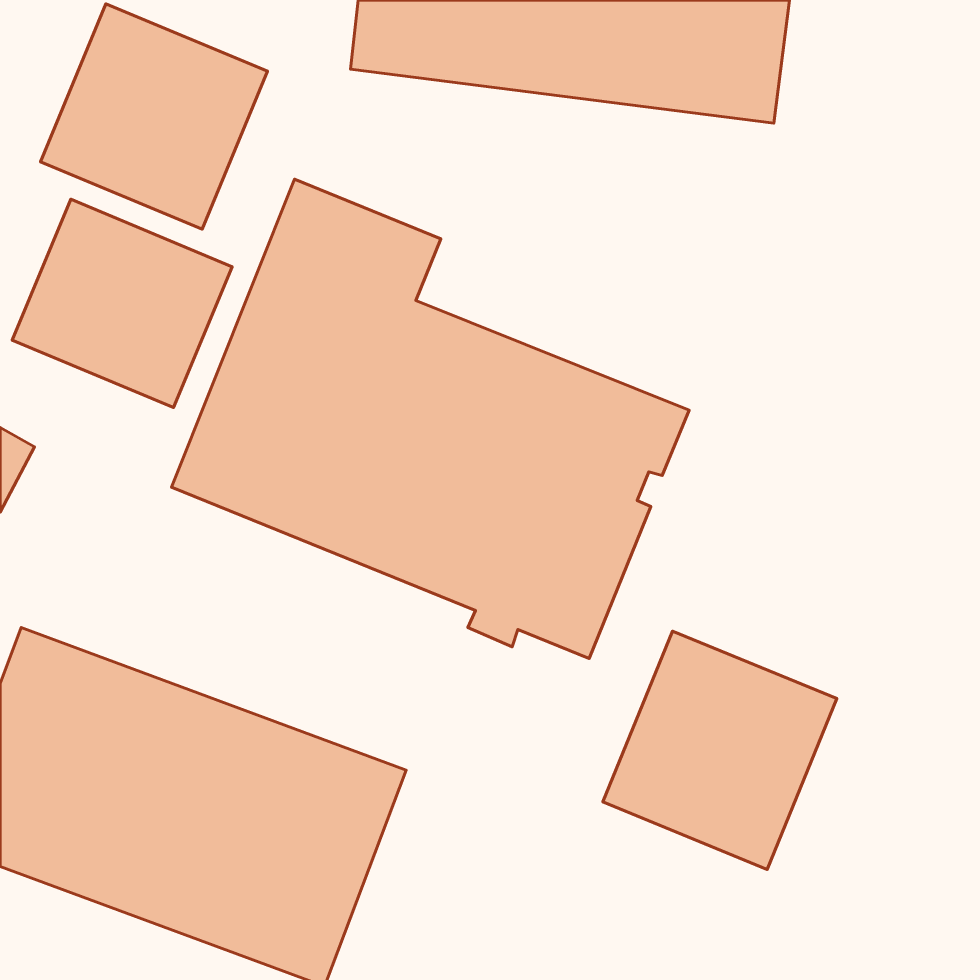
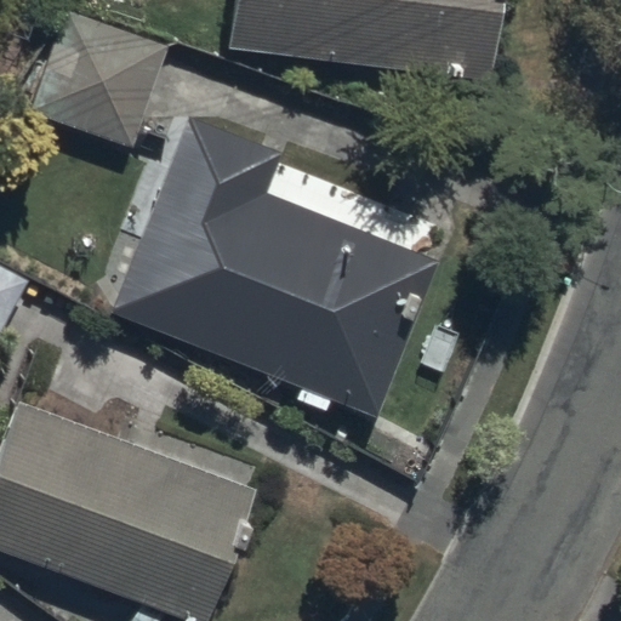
building: [12,199,232,407] -> none
building: [603,631,837,869] -> none

